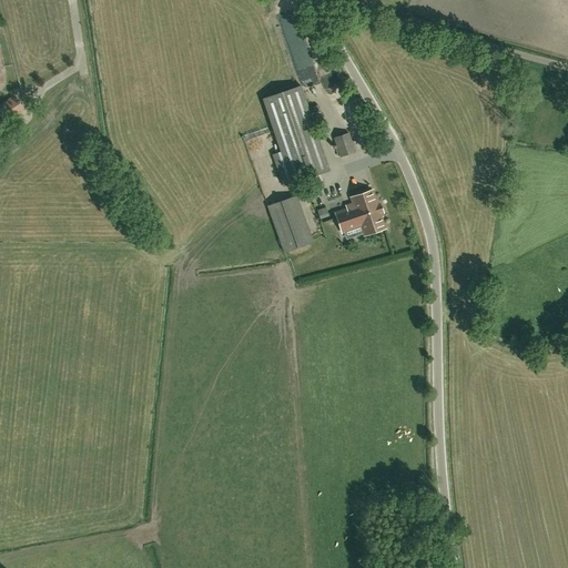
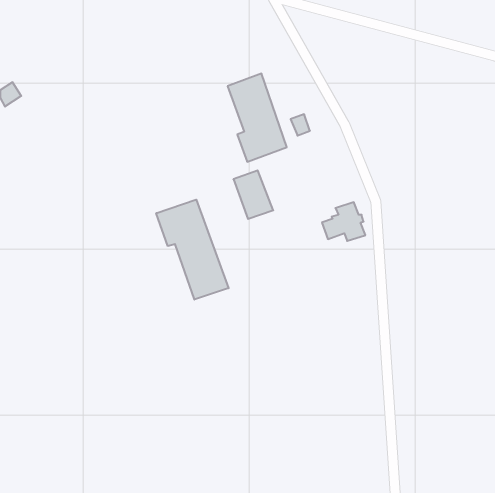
building: [335,189,385,233] -> [322,202,365,241]
building: none -> [156,200,229,300]

